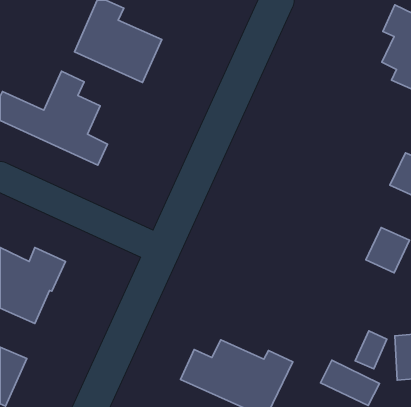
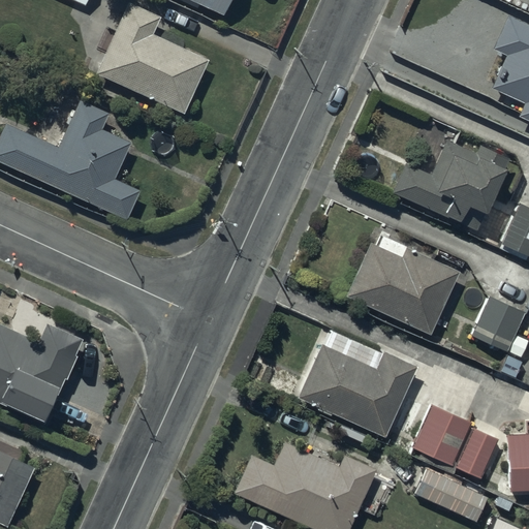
building: none -> [392,137,511,232]
building: none -> [346,237,459,335]
building: none -> [298,345,415,437]
building: none -> [412,405,471,466]

